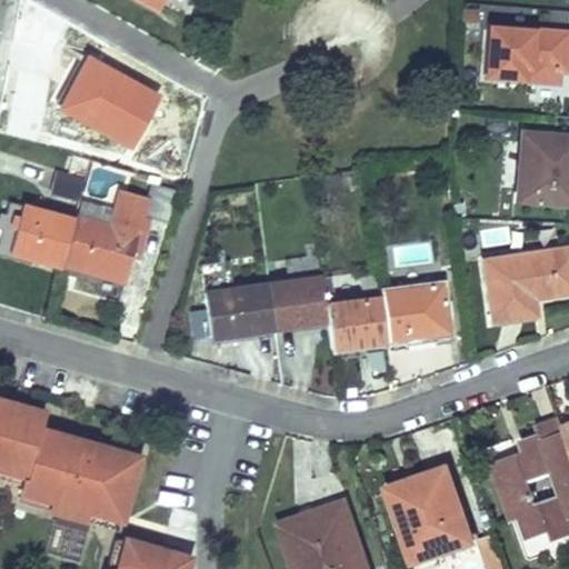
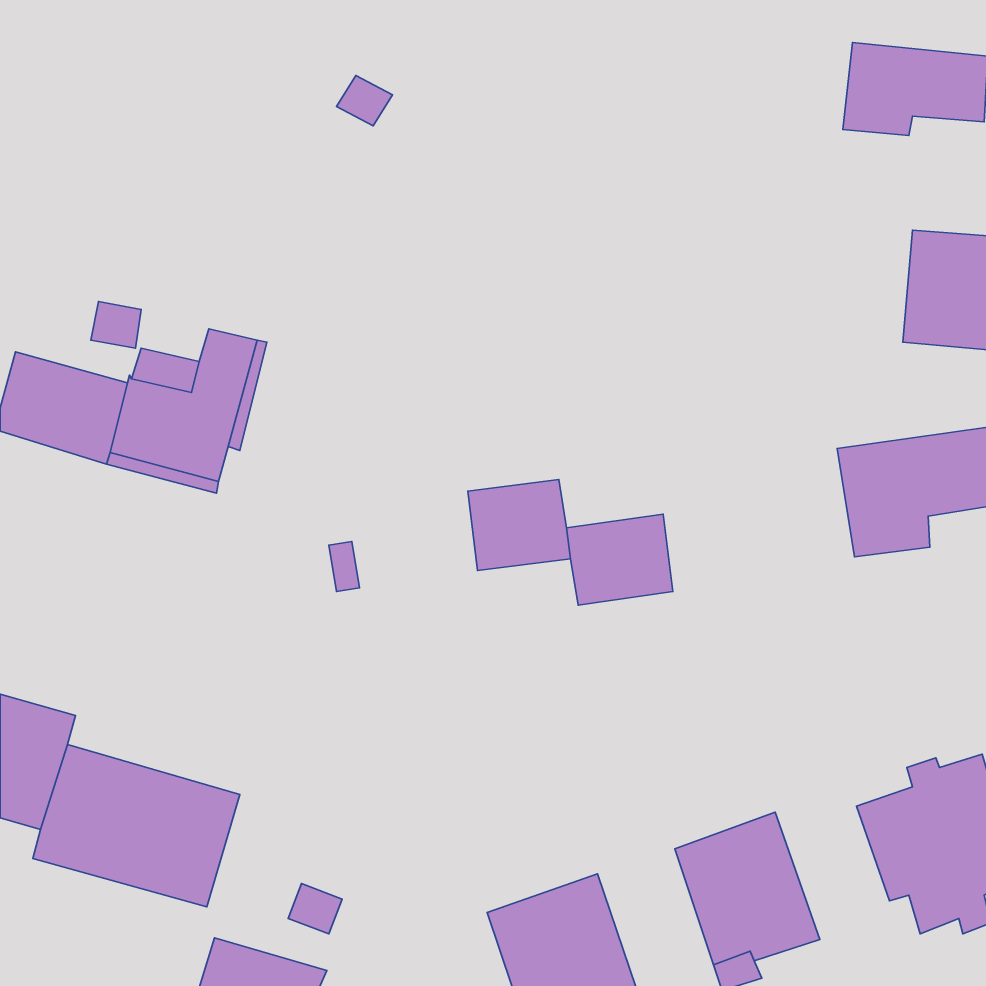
building: [62,59,157,146] -> none
building: [381,281,451,341] -> none
building: [206,284,272,338] -> none

